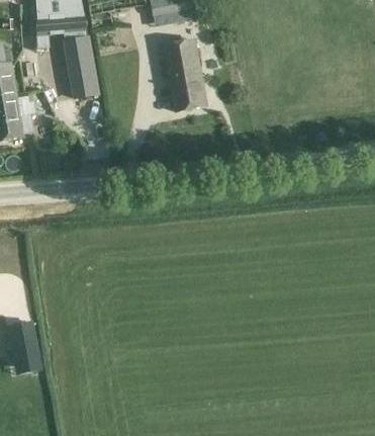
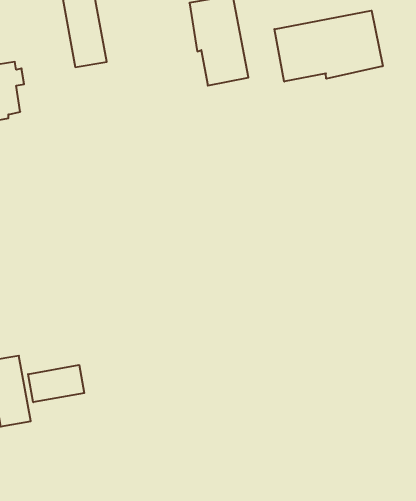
building: none -> [274,11,383,82]
building: none -> [28,365,84,402]

